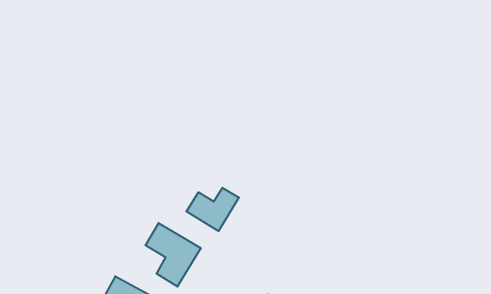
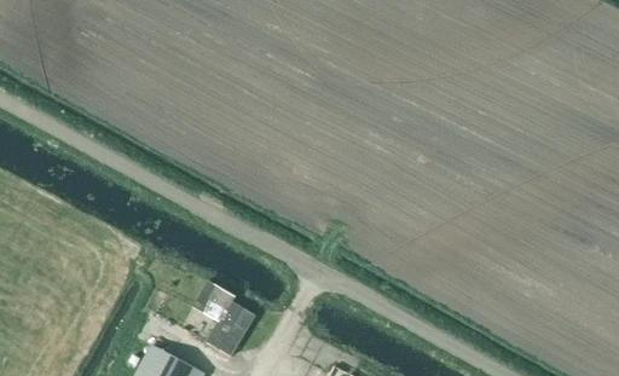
building: [186,188,239,231] -> none

